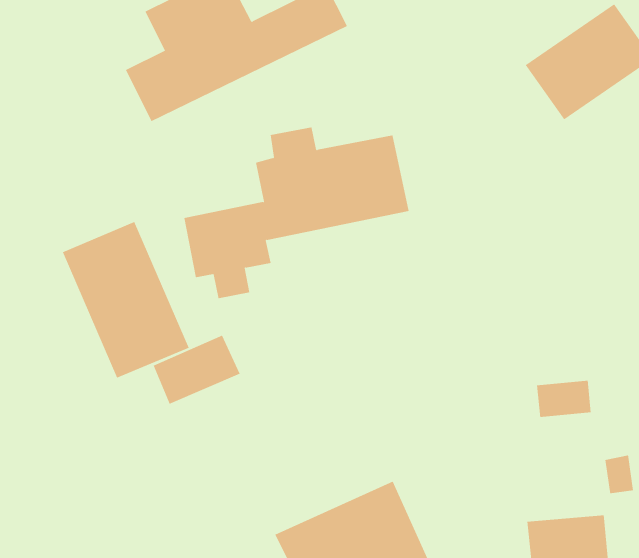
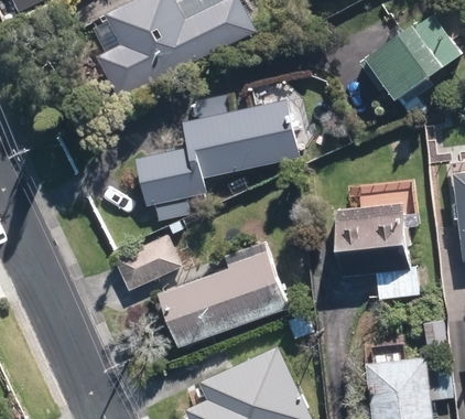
building: [62,221,189,379] -> none
building: none -> [337,210,404,272]
building: none -> [162,259,278,344]

